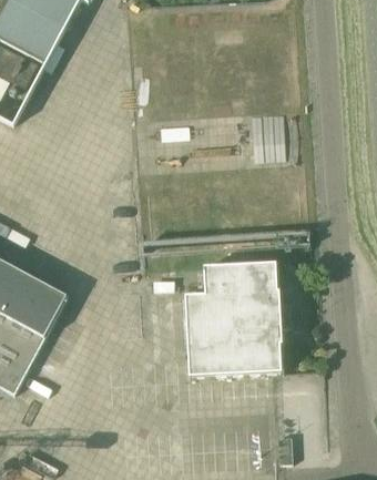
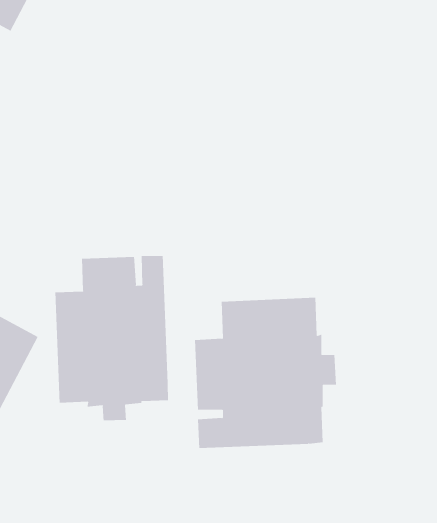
building: none -> [55,255,168,421]

